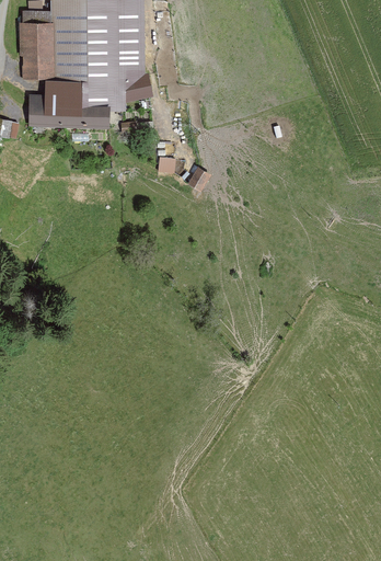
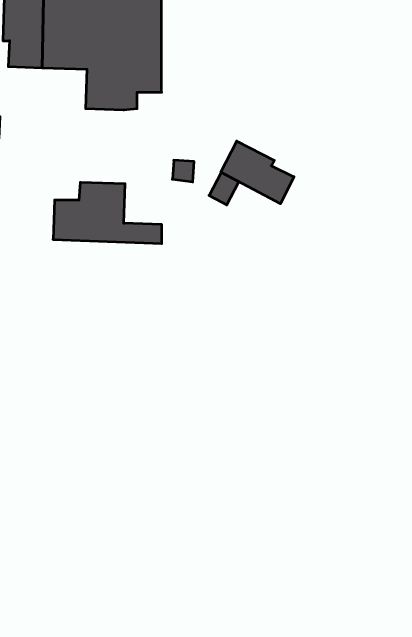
building: [27,79,115,128] -> [53,182,162,244]
building: none -> [221,141,294,204]

